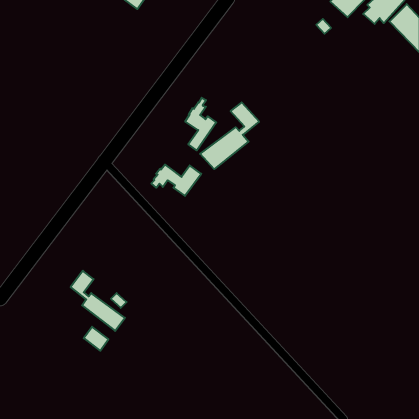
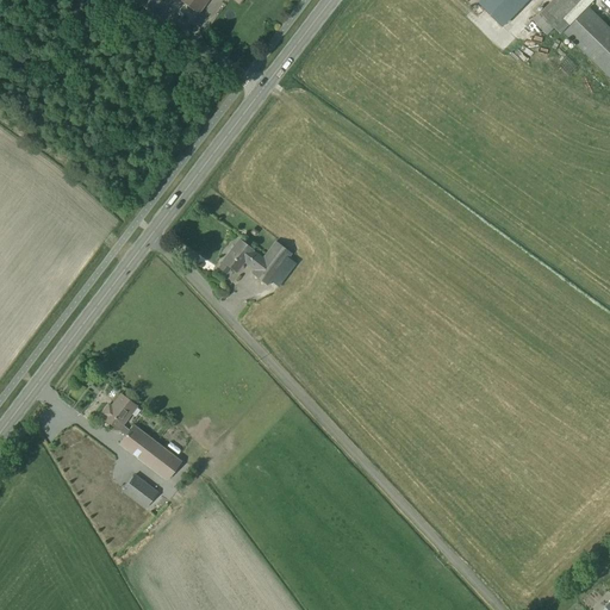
building: [185,98,216,150] -> none
building: [200,102,259,169] -> none

